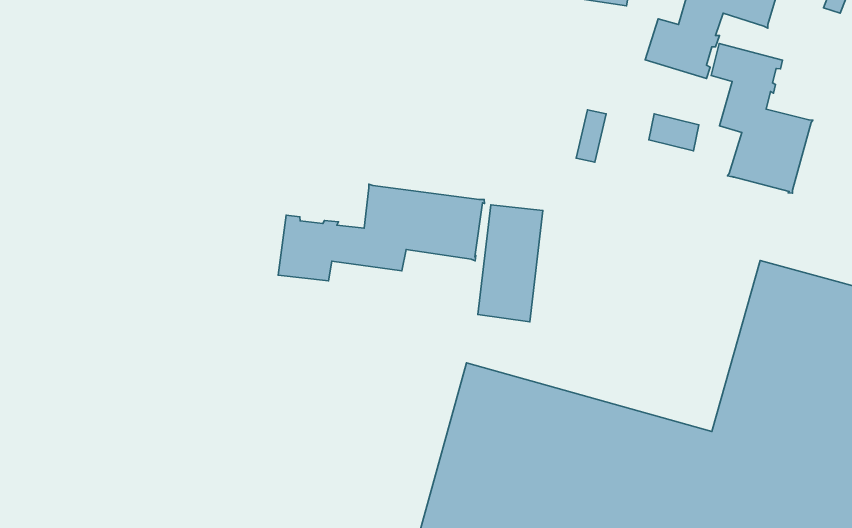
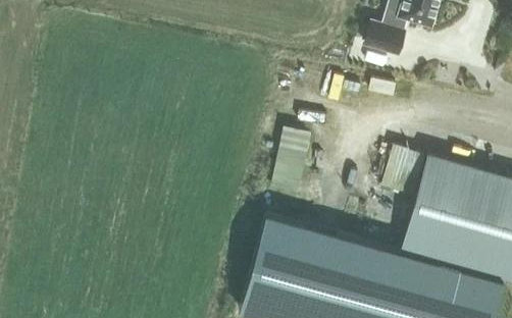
building: [711,44,813,193] -> none
building: [278,184,484,281] -> none

